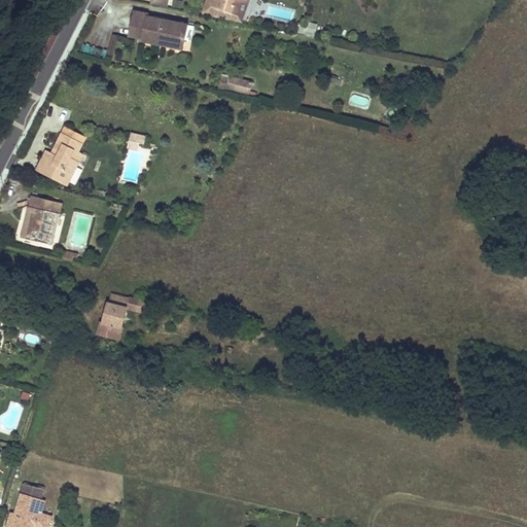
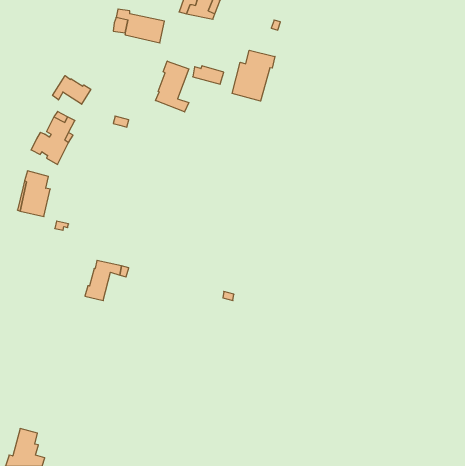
building: none -> [232,50,275,101]
building: none -> [156,61,189,112]
building: none -> [53,76,91,104]

